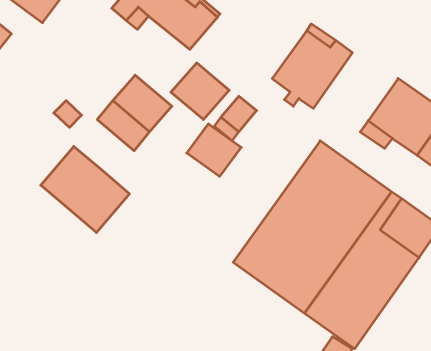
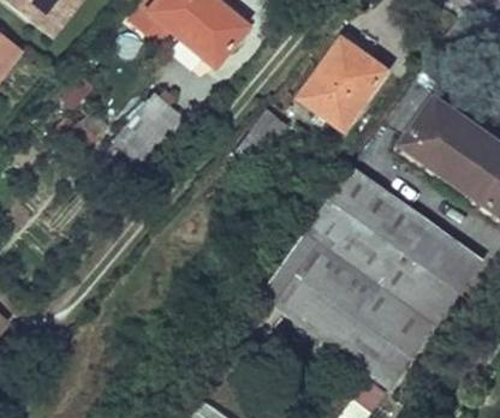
building: [171,63,229,120] -> none
building: [187,124,241,176] -> none
building: [41,146,129,233] -> none

